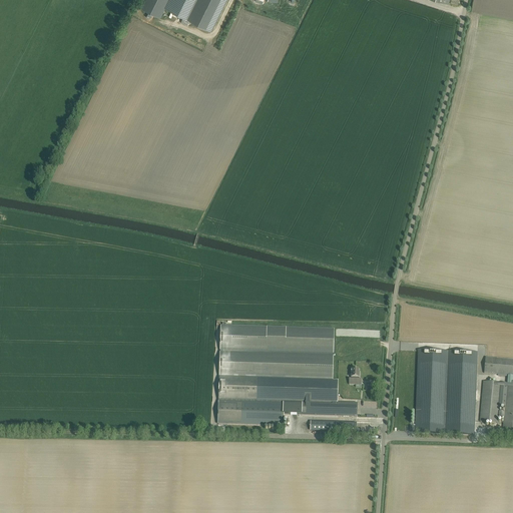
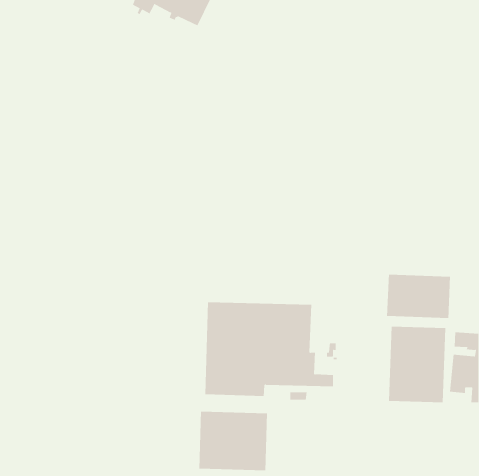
building: none -> [387,274,451,319]
building: none -> [199,411,267,471]

